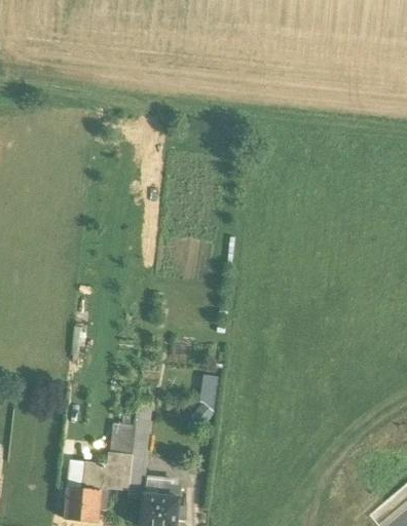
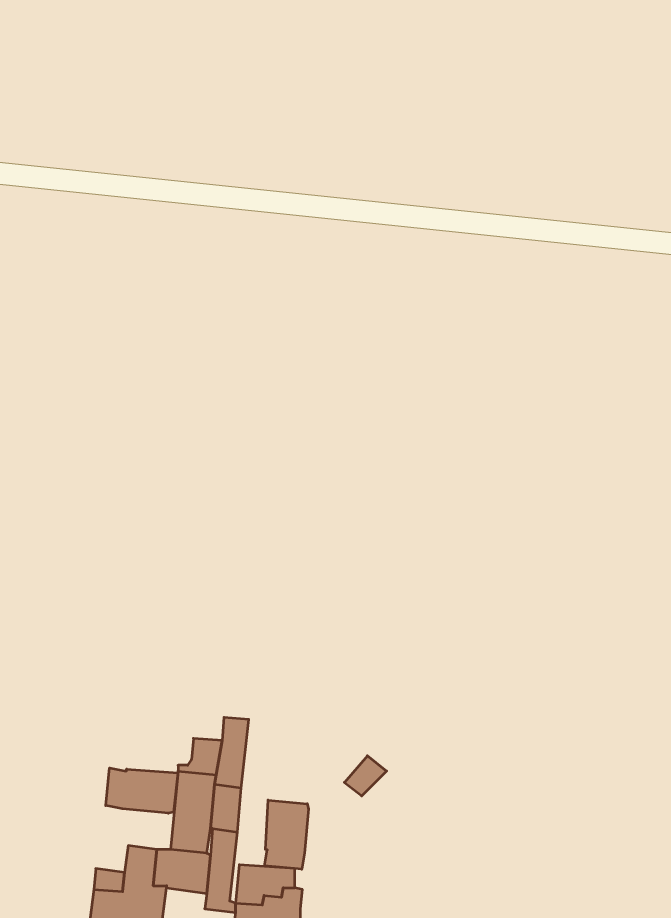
building: [196,373,218,406] -> none
building: none -> [106,768,178,813]
building: none -> [264,800,308,869]

